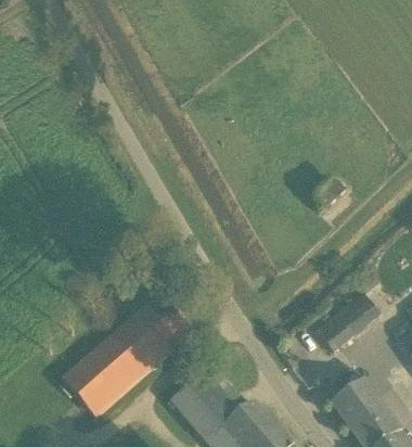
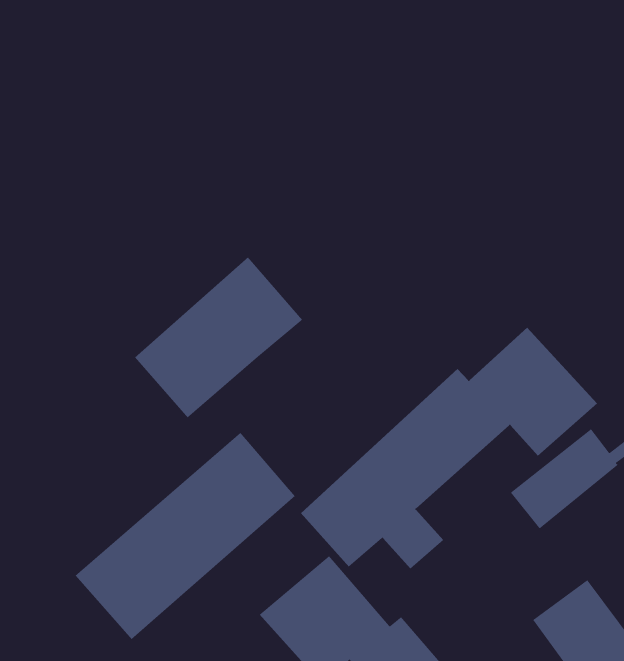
building: none -> [134,256,303,418]
building: none -> [300,327,598,569]

